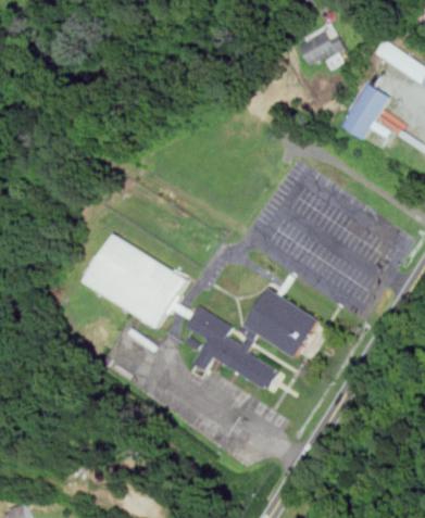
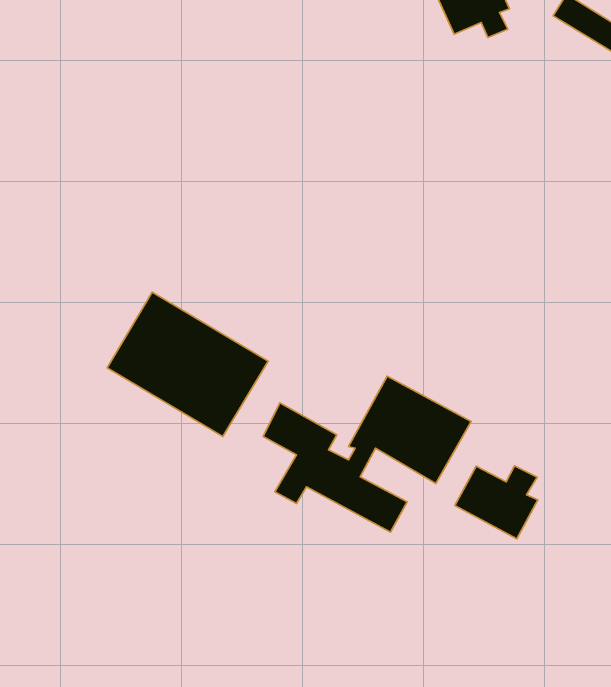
building: [337,80,388,139] -> none
building: none -> [455,466,538,539]

